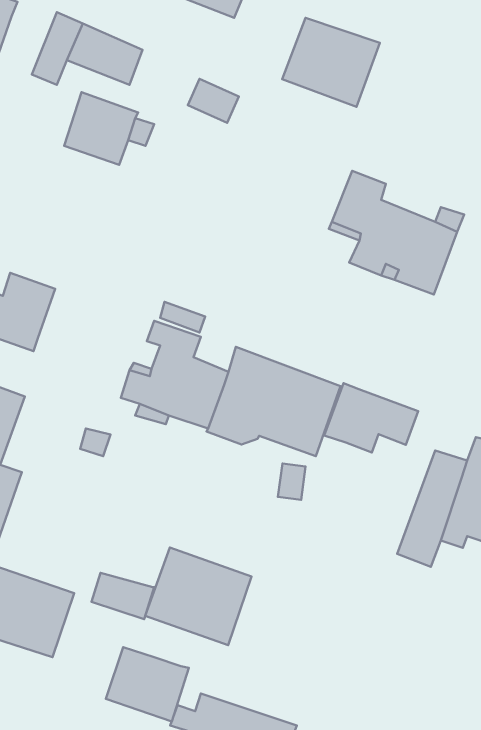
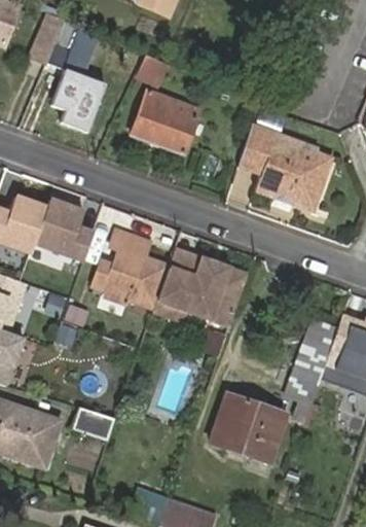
building: [282,18,380,107] -> [131,89,199,151]
building: none -> [33,198,90,258]
building: [324,383,418,452] -> none
building: [145,548,251,645] -> [211,392,286,461]
building: [106,647,189,722] -> none

